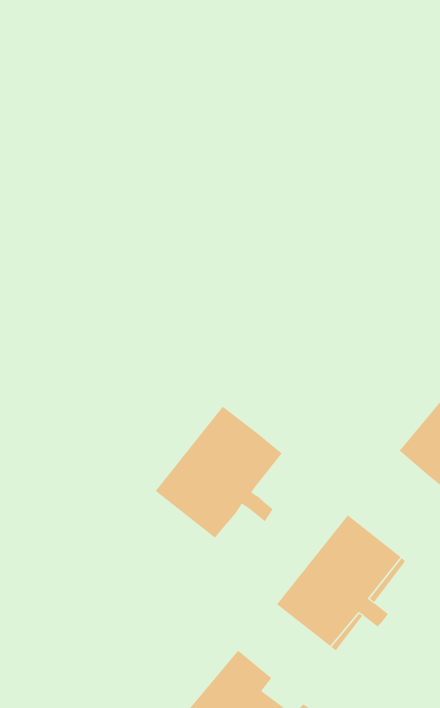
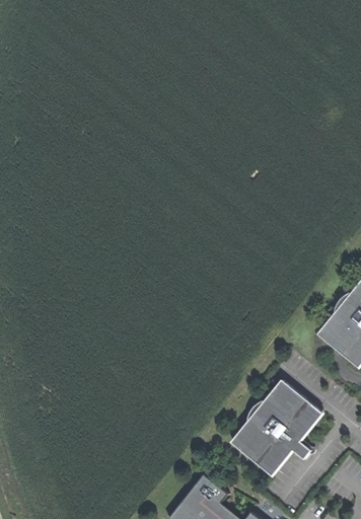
building: [155,406,283,539] -> none

